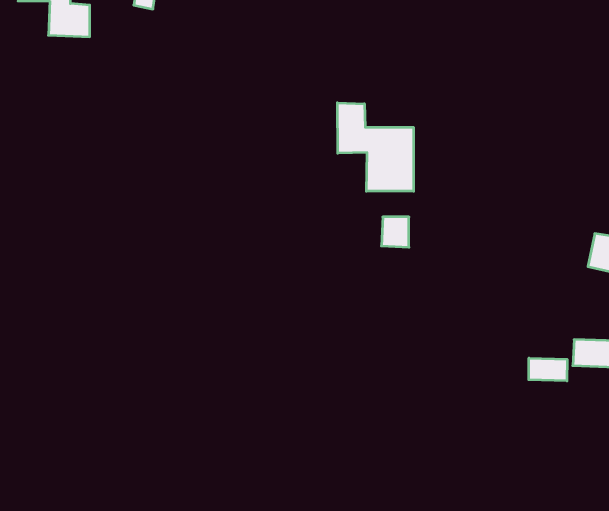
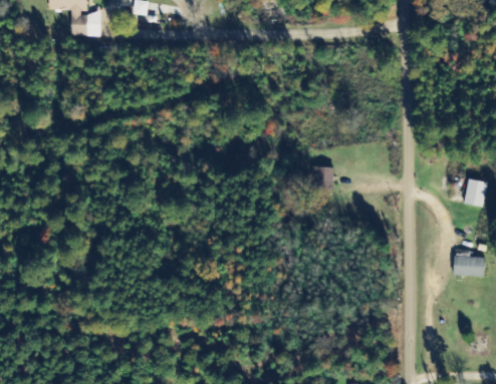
building: [337,103,414,191] -> none
building: [529,358,567,381] -> none

